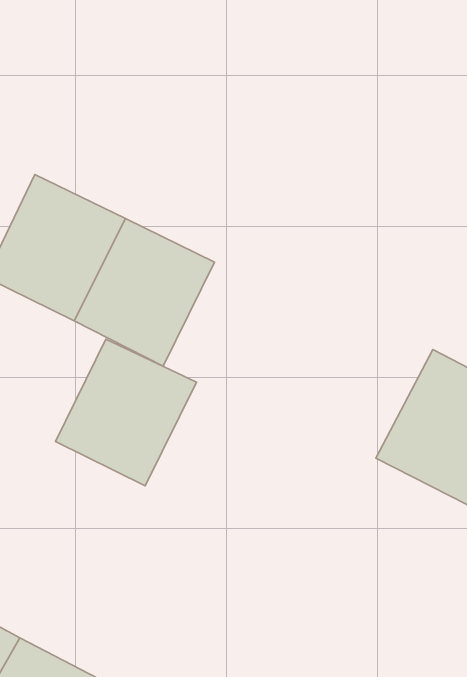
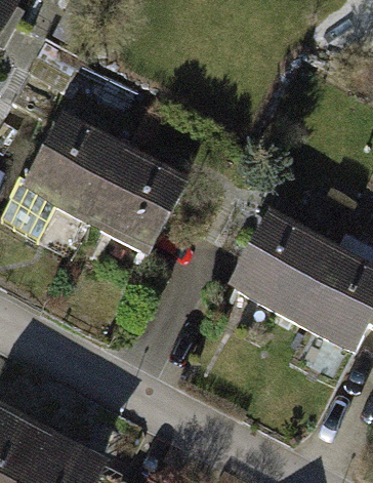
building: none -> [230,214,330,320]
building: [56,339,197,486] -> none

